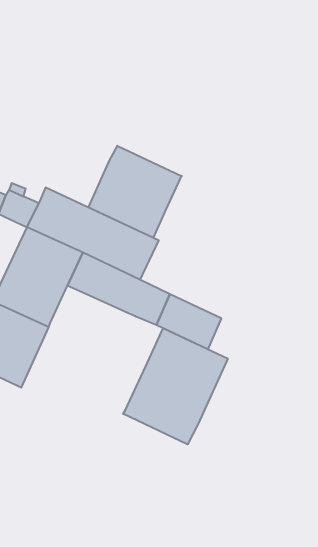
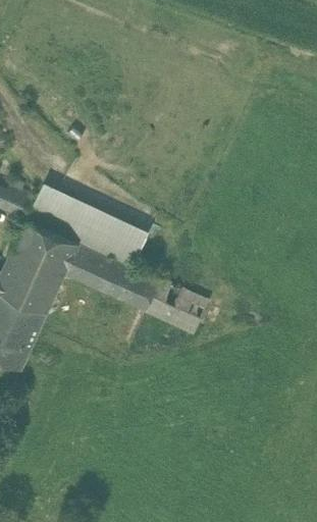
building: [89,146,182,238] -> none
building: [123,328,228,444] -> none

